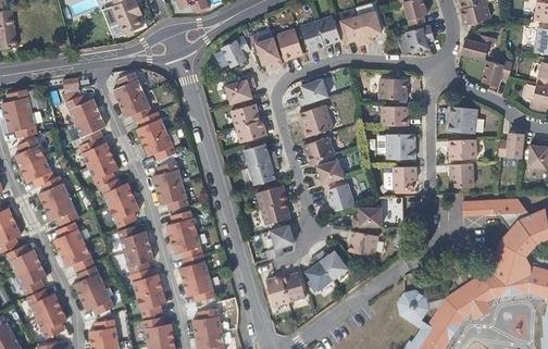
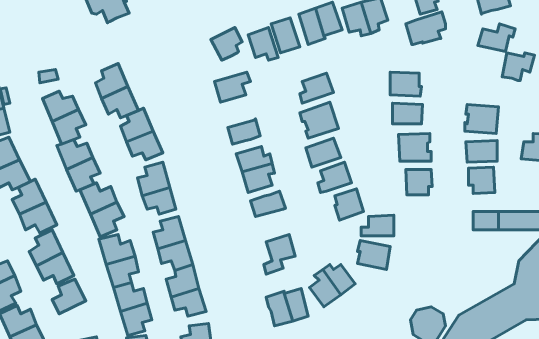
building: [229,105,258,128] -> none
building: [259,202,289,226] -> none
building: [82,285,115,313] -> none

